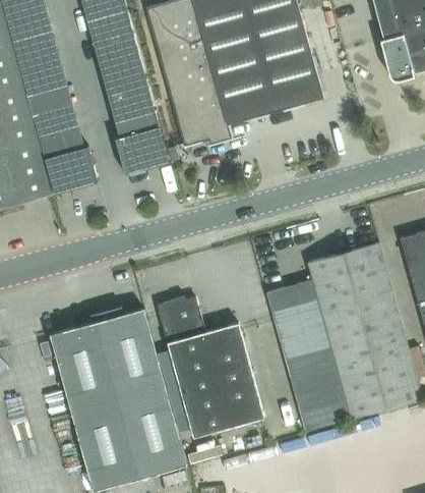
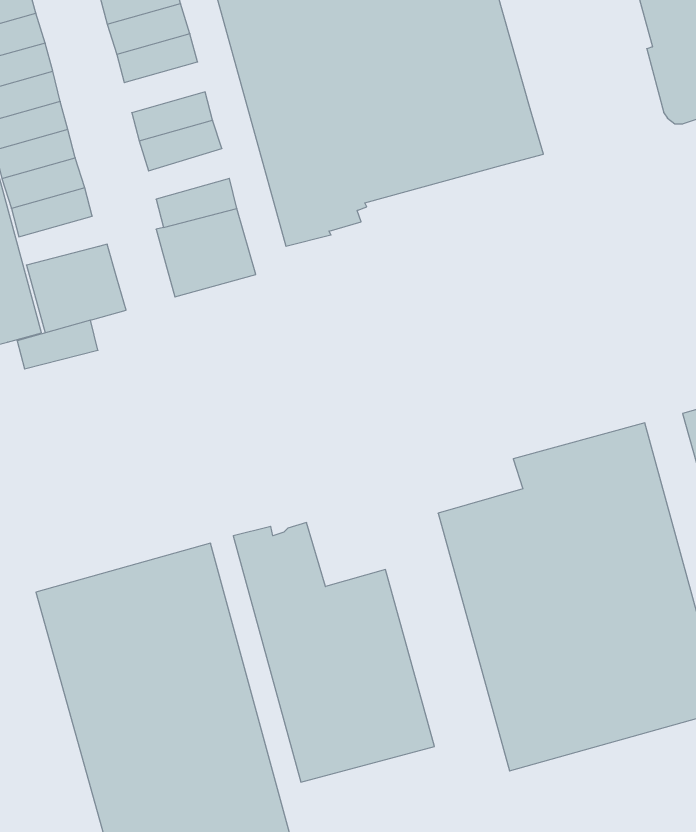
building: [98,48,141,75] -> none
building: [111,95,155,122] -> none
building: [41,131,84,158] -> [17,320,98,369]

